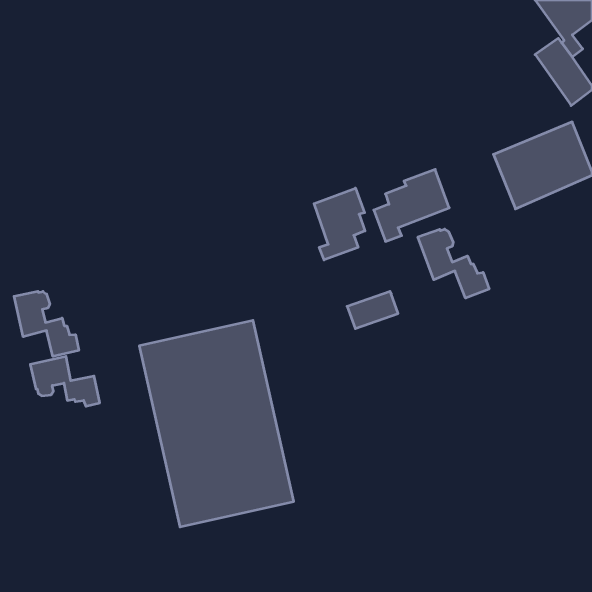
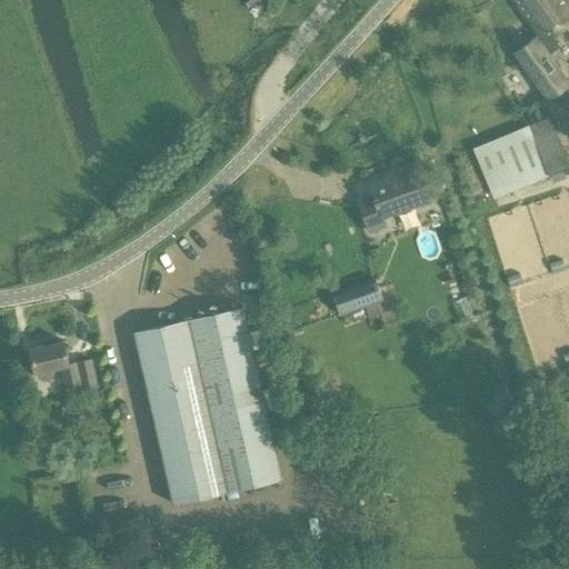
building: [314,188,365,260] -> none
building: [418,229,489,298] -> none
building: [14,291,79,356] -> none

